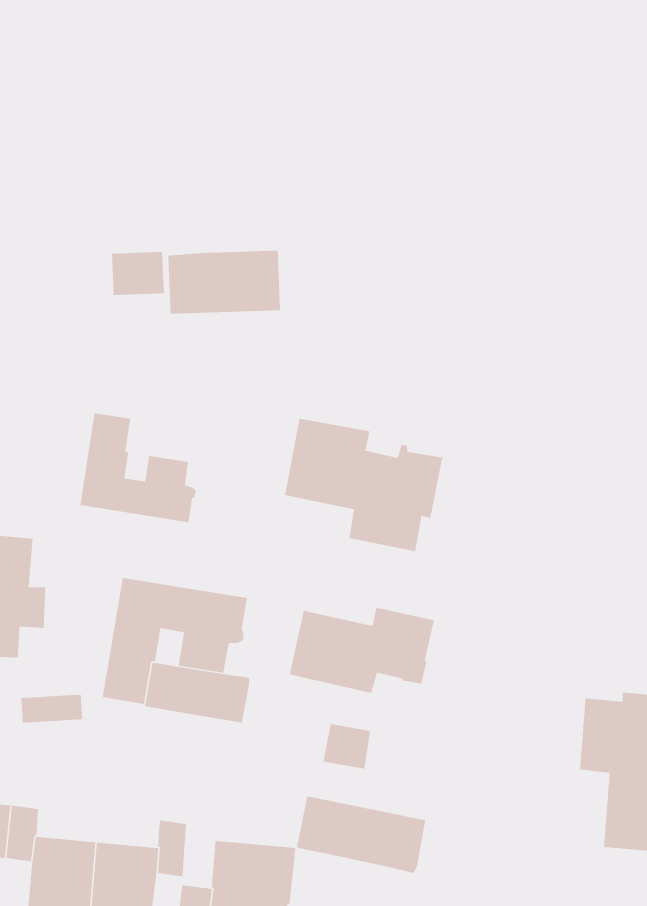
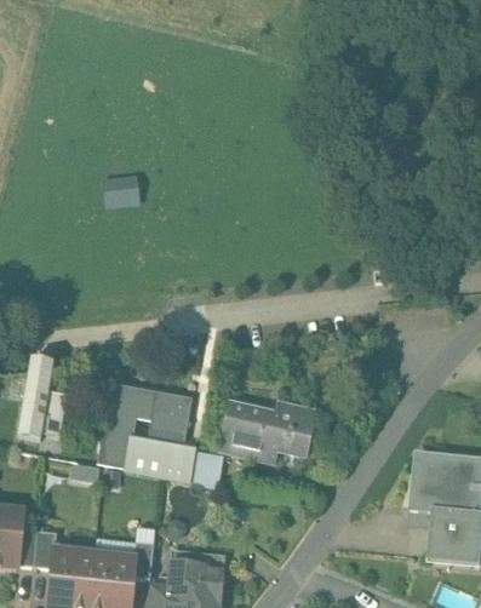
building: [167,250,281,314] -> none
building: [80,412,197,523] -> none
building: [284,418,444,552] -> none
building: [323,723,371,769] -> [190,453,222,483]
building: [296,796,426,874] -> none

